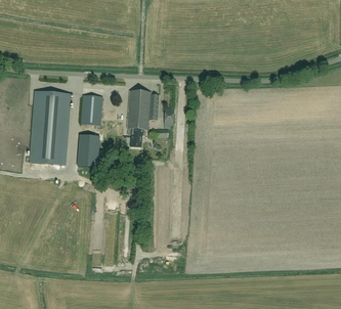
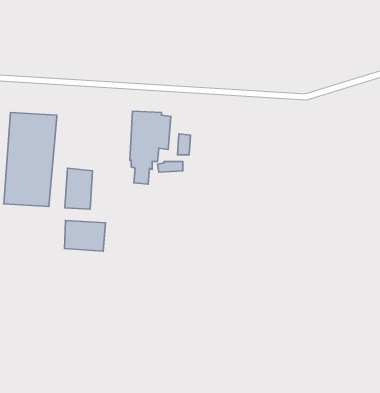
building: [80,95,101,125] -> none
building: none -> [65,220,105,251]

